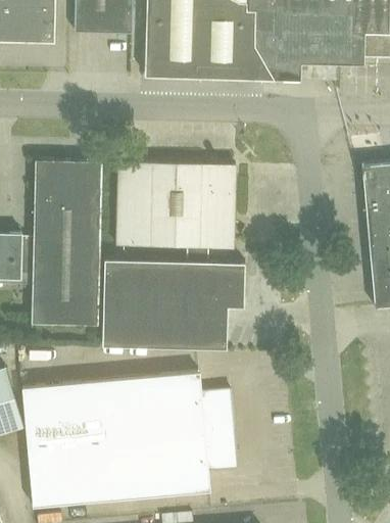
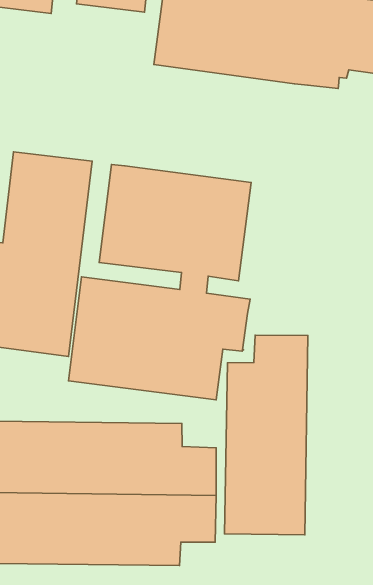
building: none -> [224,335,308,535]

